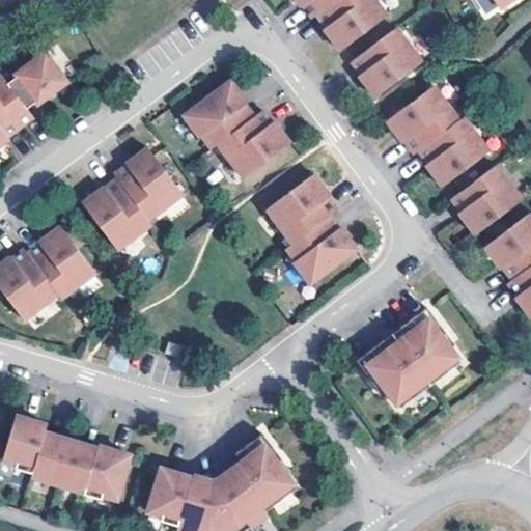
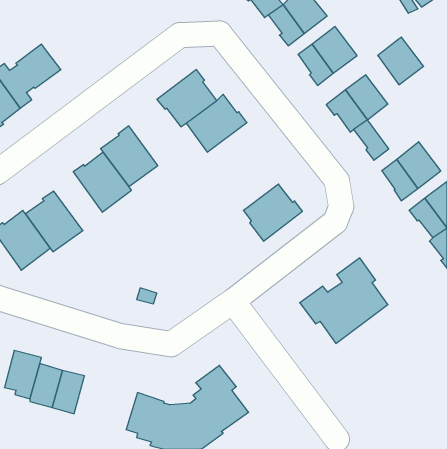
building: [432,119,486,175] -> [378,37,424,85]
building: [267,174,336,244] -> none
building: [86,441,132,494] -> none

